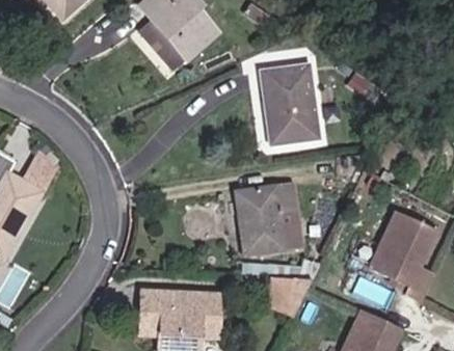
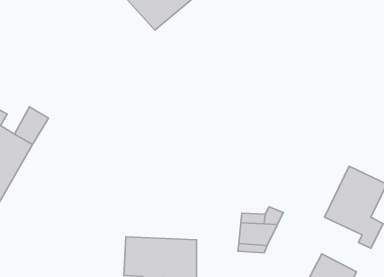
building: [260,62,320,144] -> none
building: [238,183,298,253] -> none

